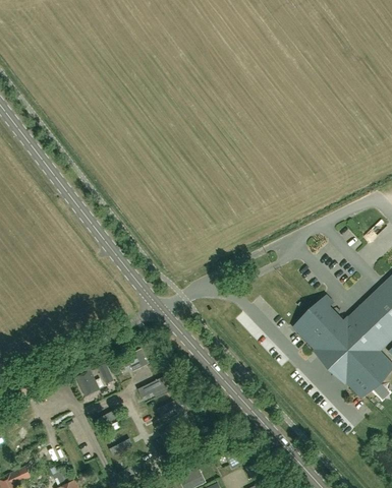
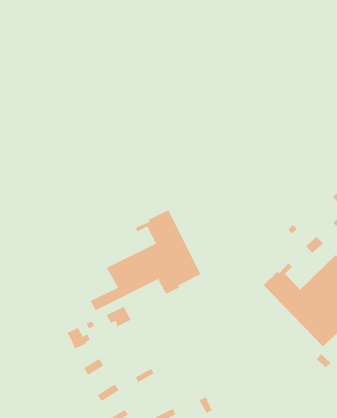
building: none -> [90,209,201,311]
building: [137,376,171,399] -> none

